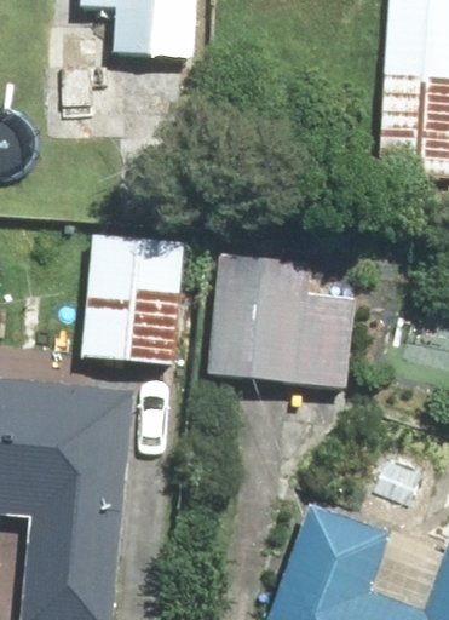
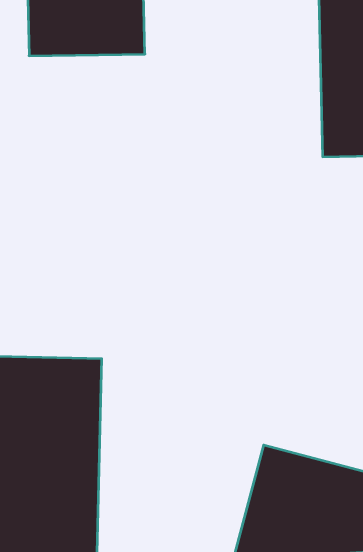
building: [75,235,188,371] -> none
building: [205,274,356,396] -> none

